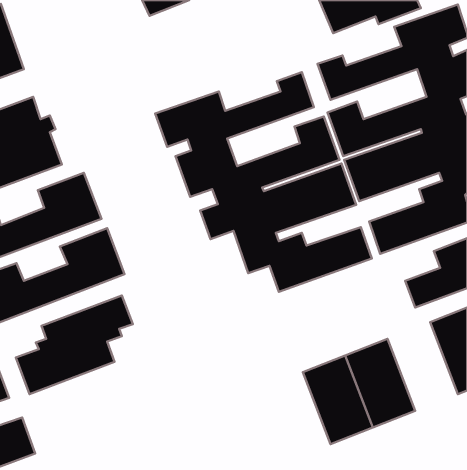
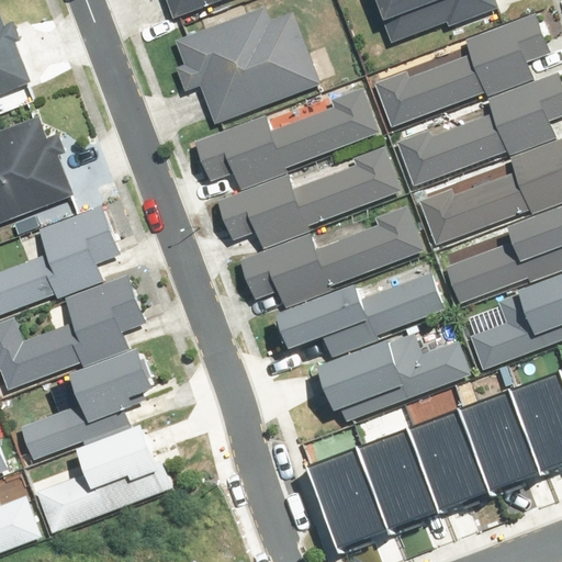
building: none -> [177,14,321,125]
building: none -> [325,336,467,415]
building: none -> [461,385,544,491]
building: none -> [44,431,176,533]
building: none -> [310,445,393,550]

